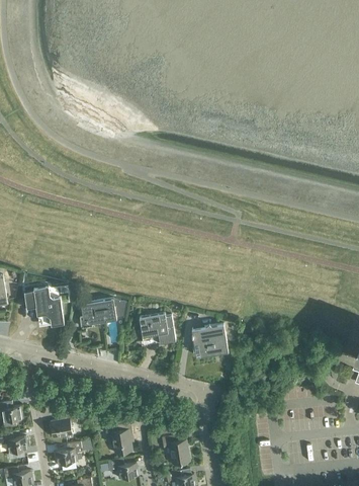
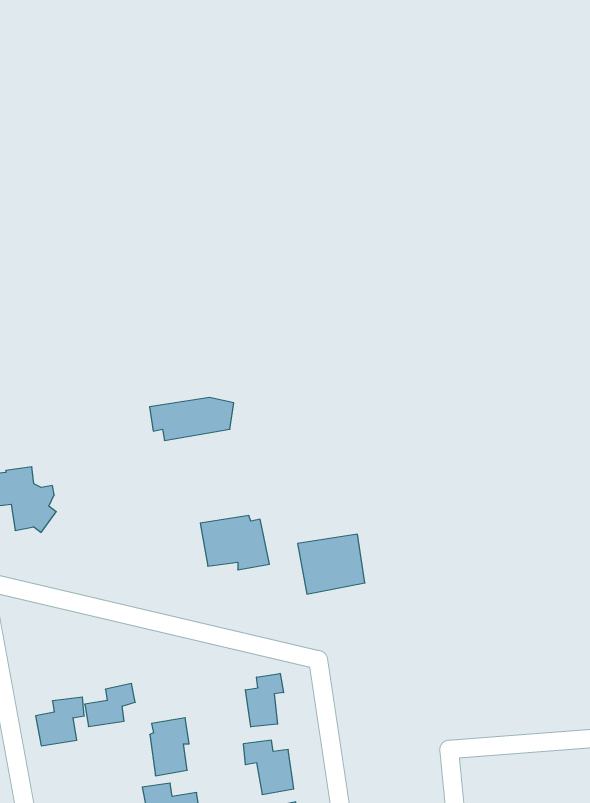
building: [82,300,127,323] -> [150,397,234,440]
building: none -> [245,673,284,727]
building: [56,442,83,466] -> [85,684,135,727]

